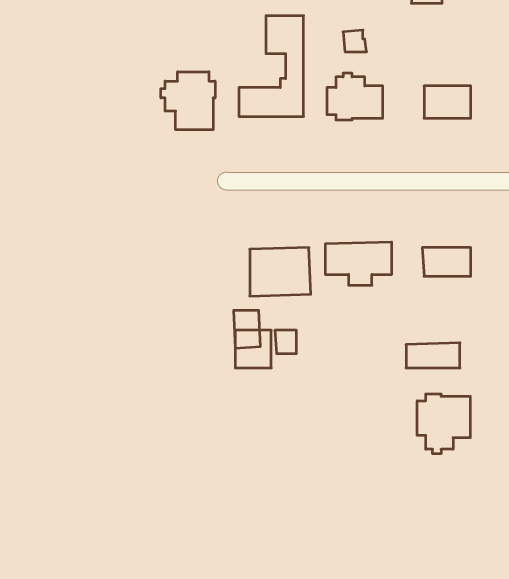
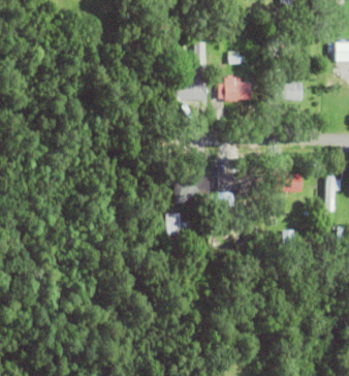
building: [161,72,215,130] -> none
building: [417,394,470,454] -> none

